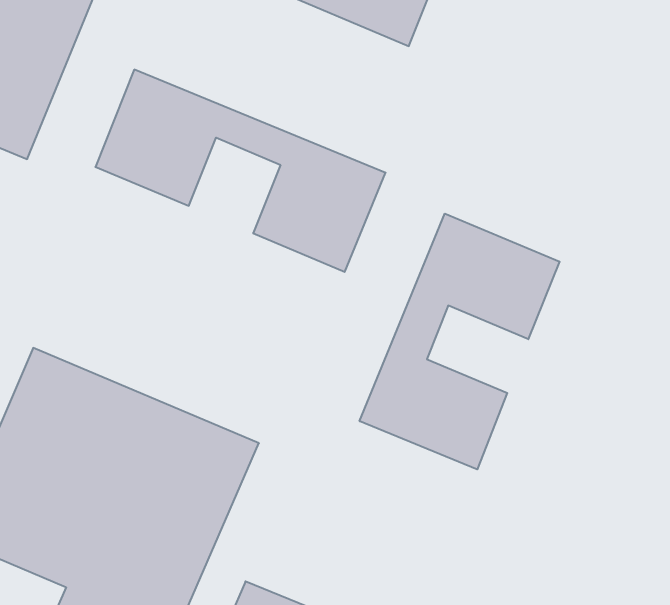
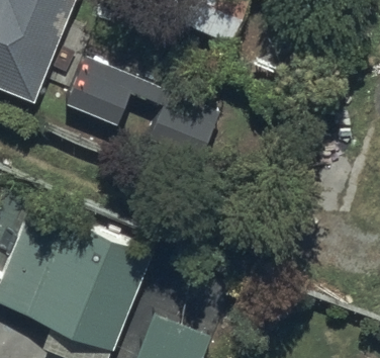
building: [360,214,560,469] -> none

